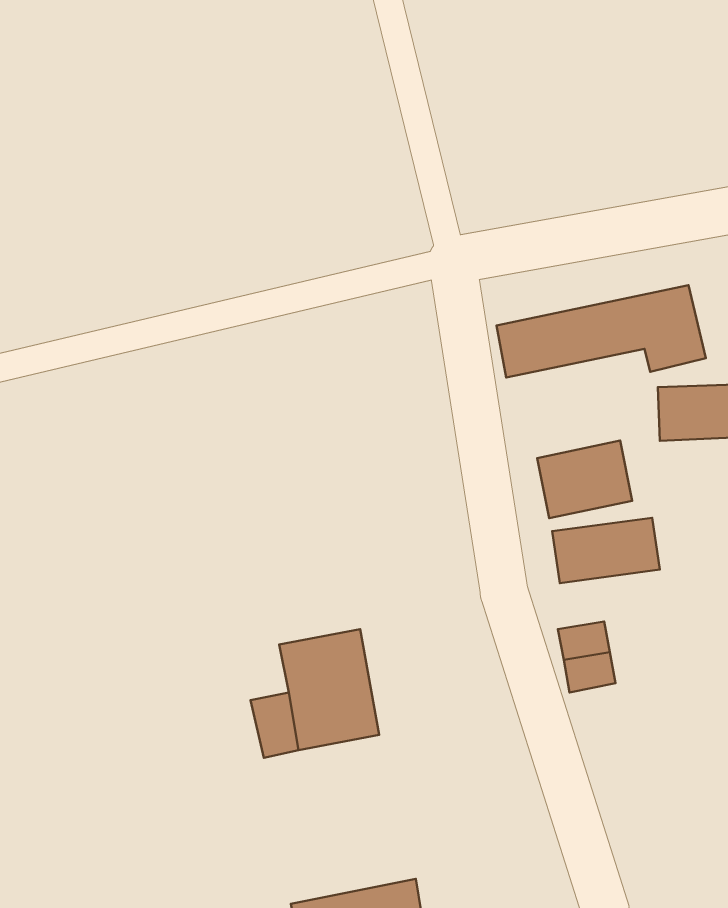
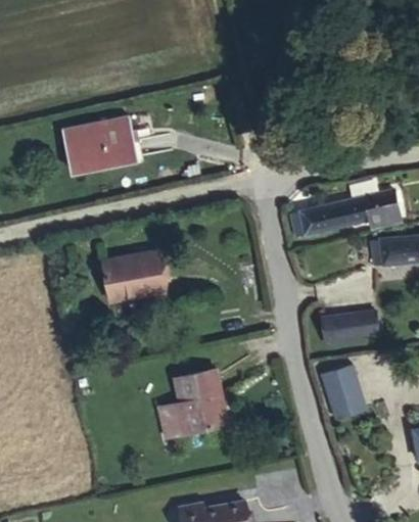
building: none -> [59,103,134,169]
building: none -> [108,255,171,302]
building: [537,441,632,518] -> none

